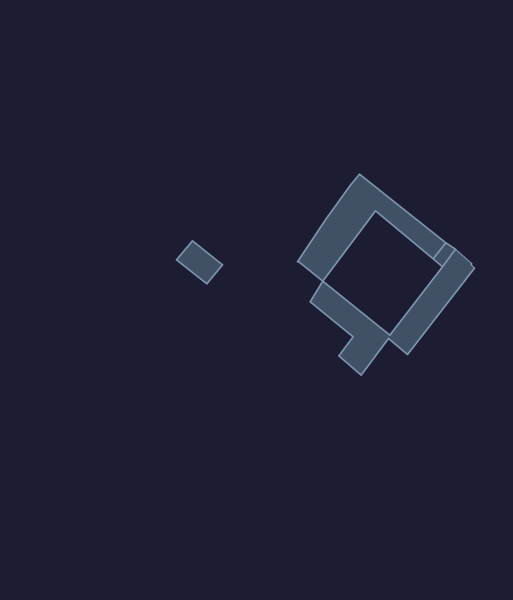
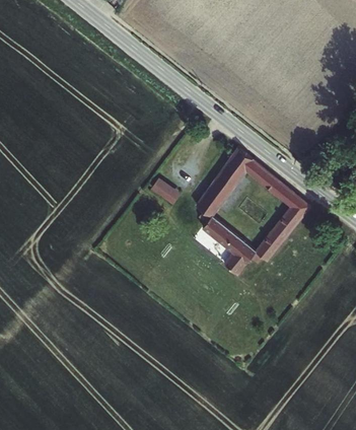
building: [176,241,223,284] -> [152,176,182,204]

